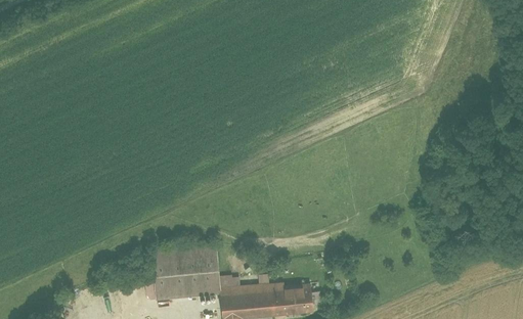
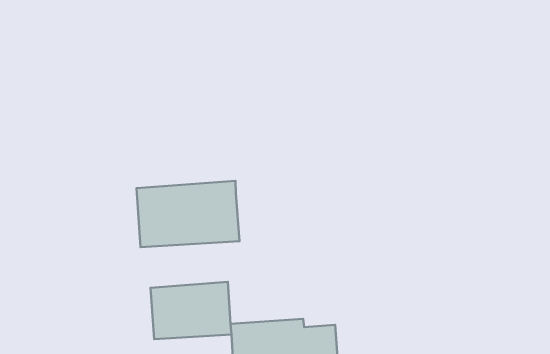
building: none -> [137,181,240,247]

